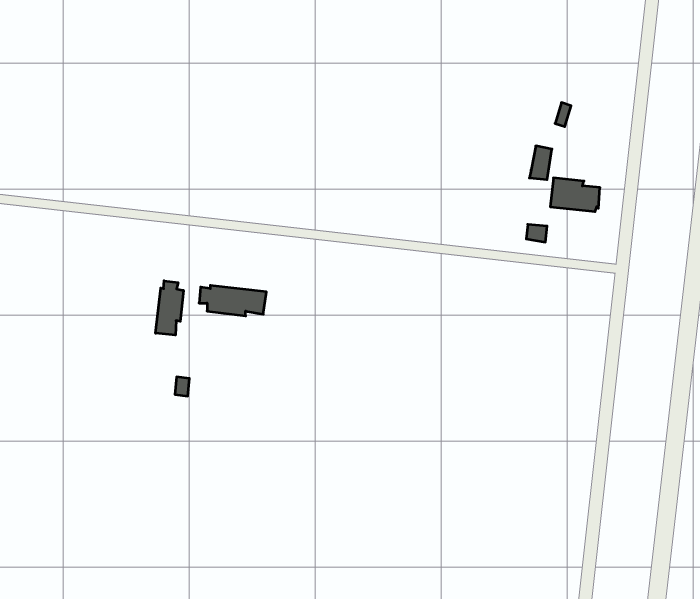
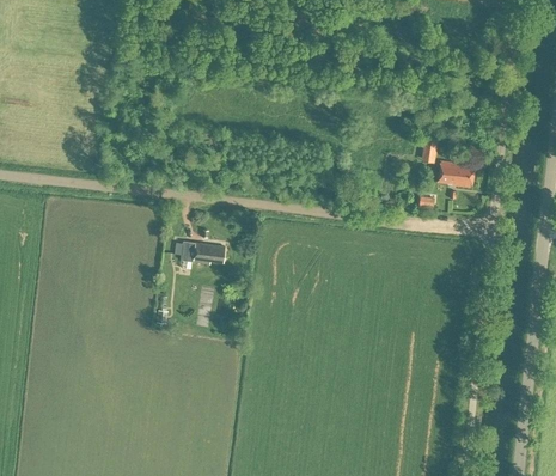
building: [156,281,183,335] -> none

